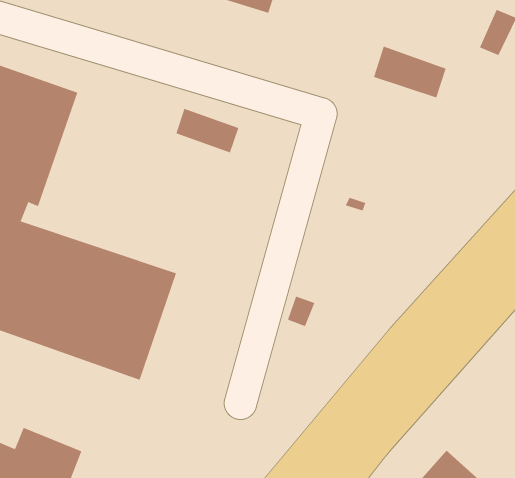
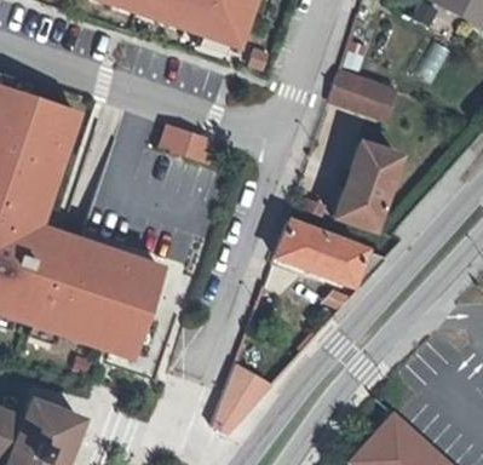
building: none -> [333,140,398,229]
building: none -> [276,213,385,288]
building: none -> [212,368,268,437]

